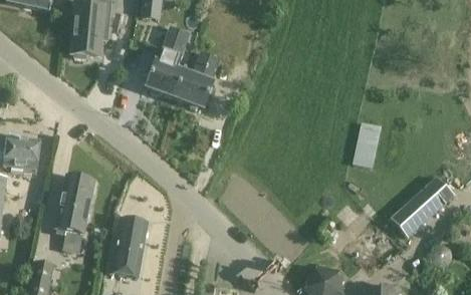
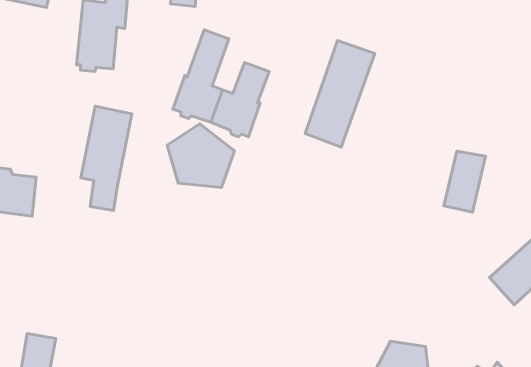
building: none -> [305,40,375,147]
building: none -> [167,124,235,187]
building: [55,173,94,253] -> [81,106,132,210]
building: [110,217,147,278] -> none

